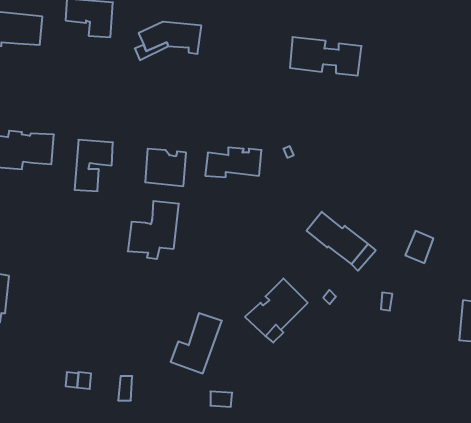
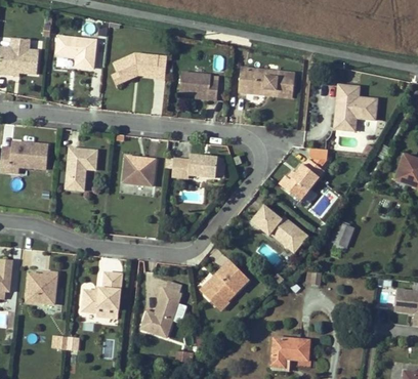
building: none -> [179,72,218,98]
building: none -> [334,83,377,129]
building: none -> [278,160,323,201]
building: [128,201,179,259] -> [82,270,123,317]
building: none -> [26,269,58,303]
building: none -> [270,338,306,366]

